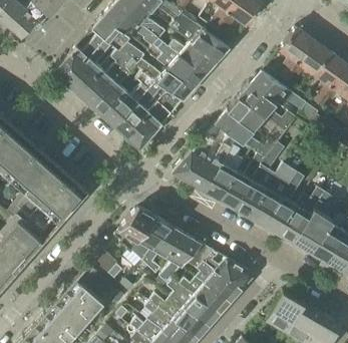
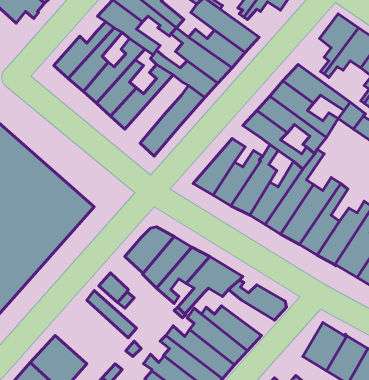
building: [114,80,168,138] -> none
building: [197,263,242,302] -> none
building: [55,278,103,326] -> none

